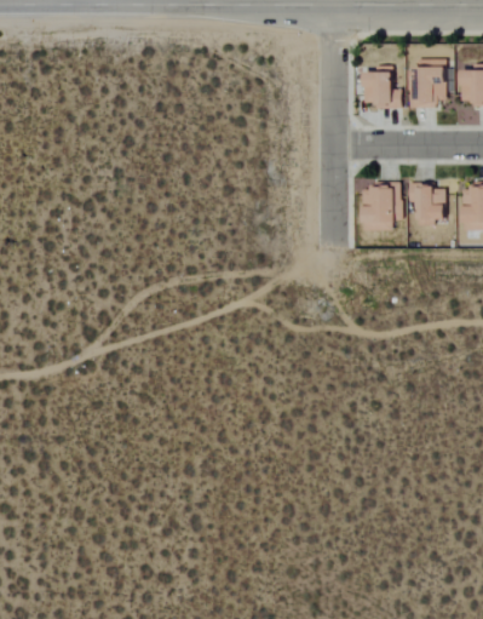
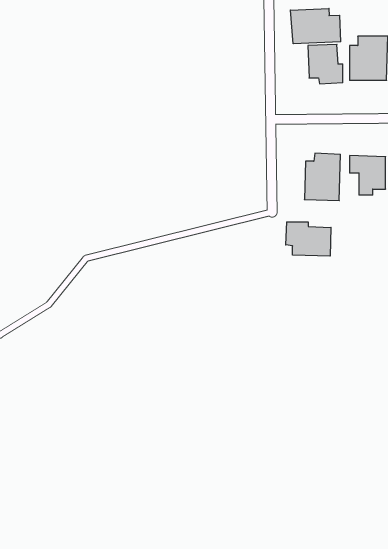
building: none -> [290,8,341,44]
building: none -> [286,222,331,256]

